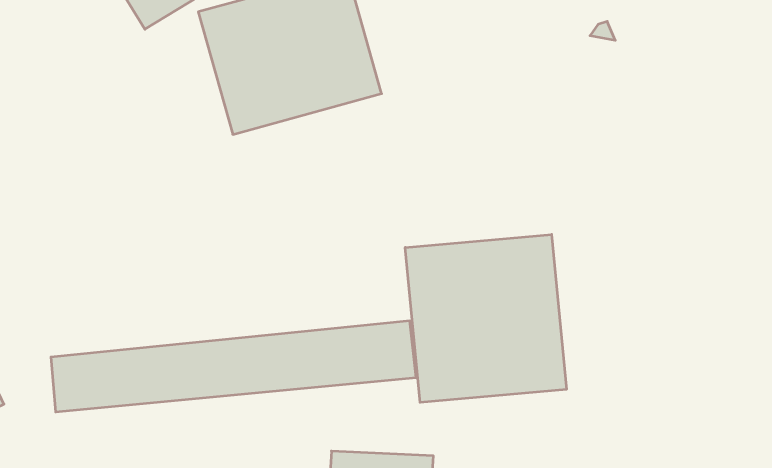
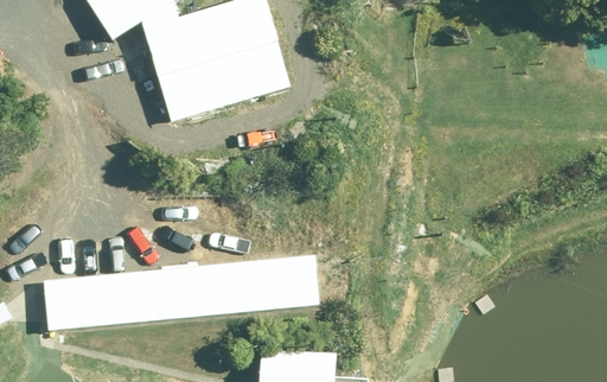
building: [405,234,566,402] -> none

